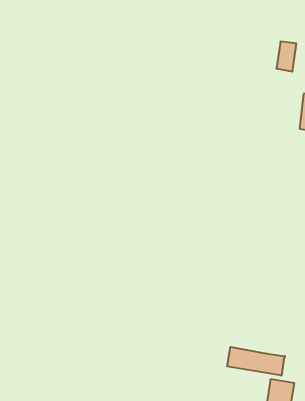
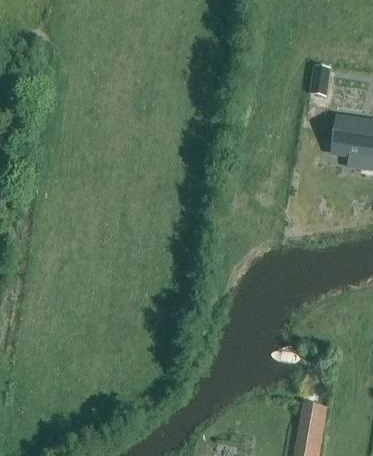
building: [227,347,285,376] -> none

